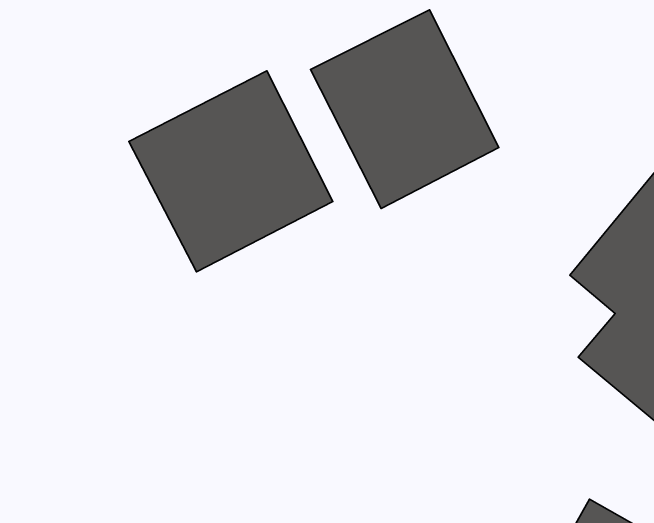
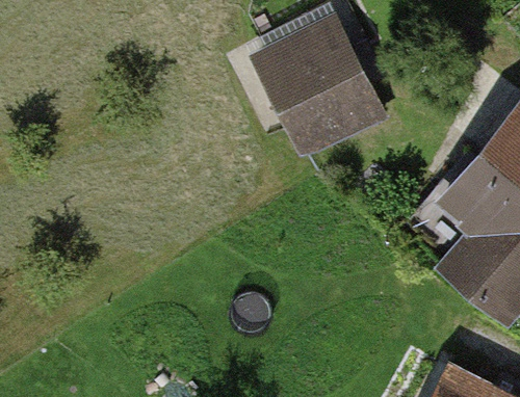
building: [129,71,333,272] -> none

